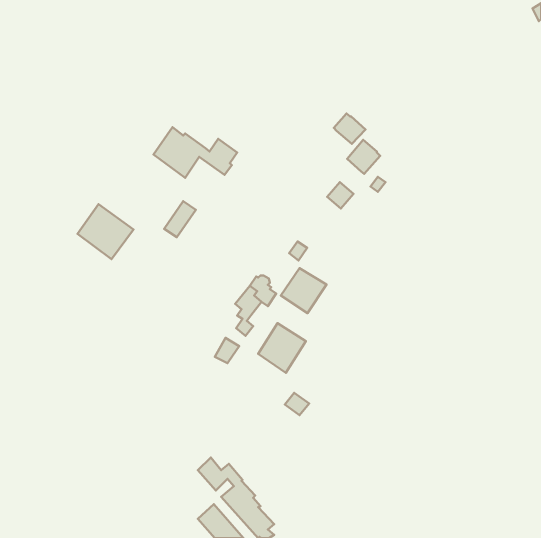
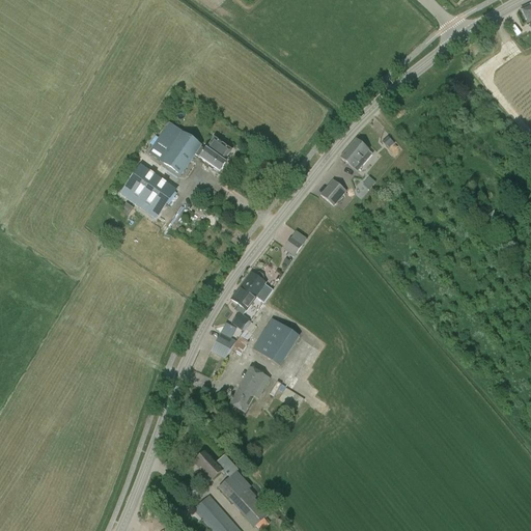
building: [334,113,366,144] -> none
building: [77,204,134,259] -> [121,163,176,217]
building: [281,268,326,313] -> none
building: none -> [229,365,271,412]

